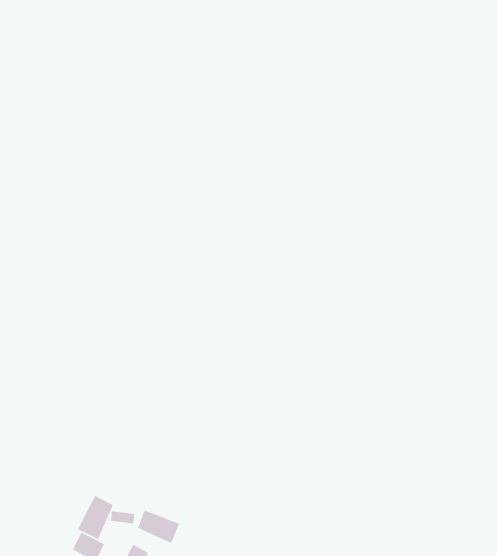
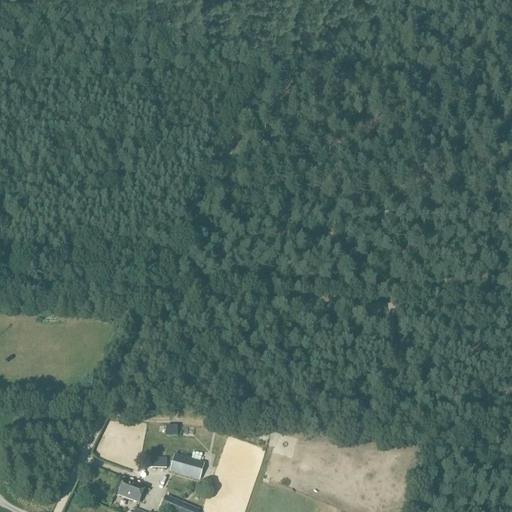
building: [77,495,114,540] -> none

